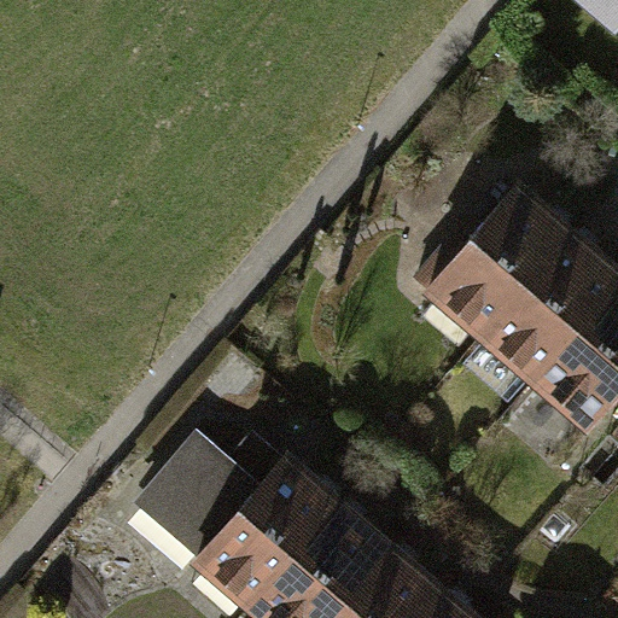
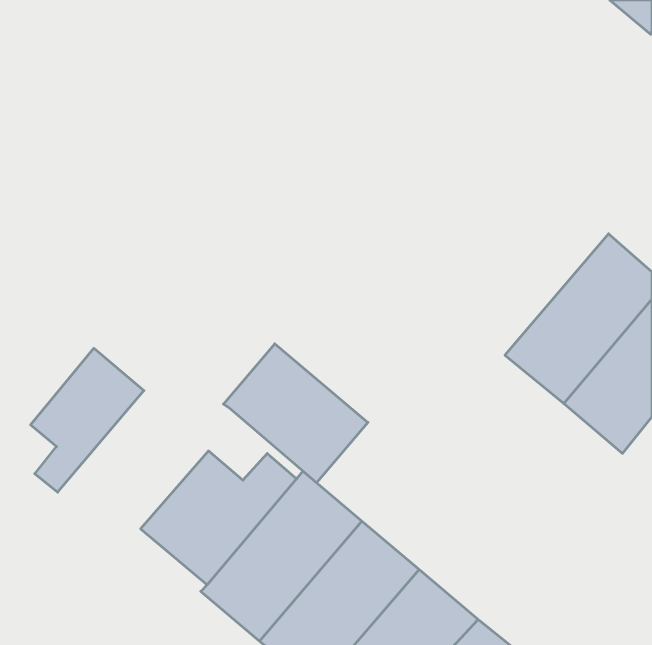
building: [422,182,575,343] -> none
building: none -> [223,344,368,483]
building: none -> [31,348,144,492]

